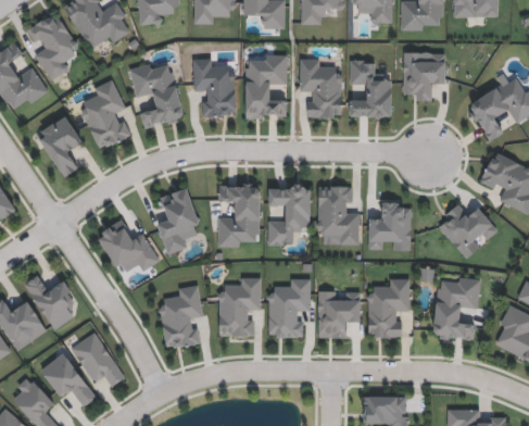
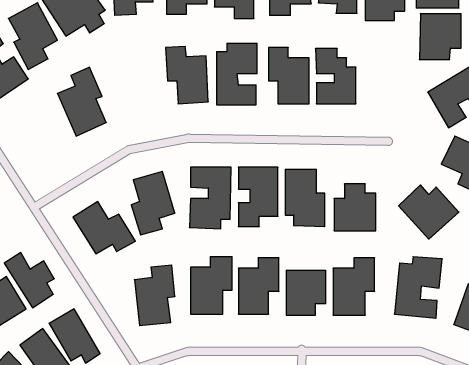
building: [402,52,445,100] -> [419,14,461,60]
building: [129,62,184,128] -> none
building: [36,115,83,177] -> none

